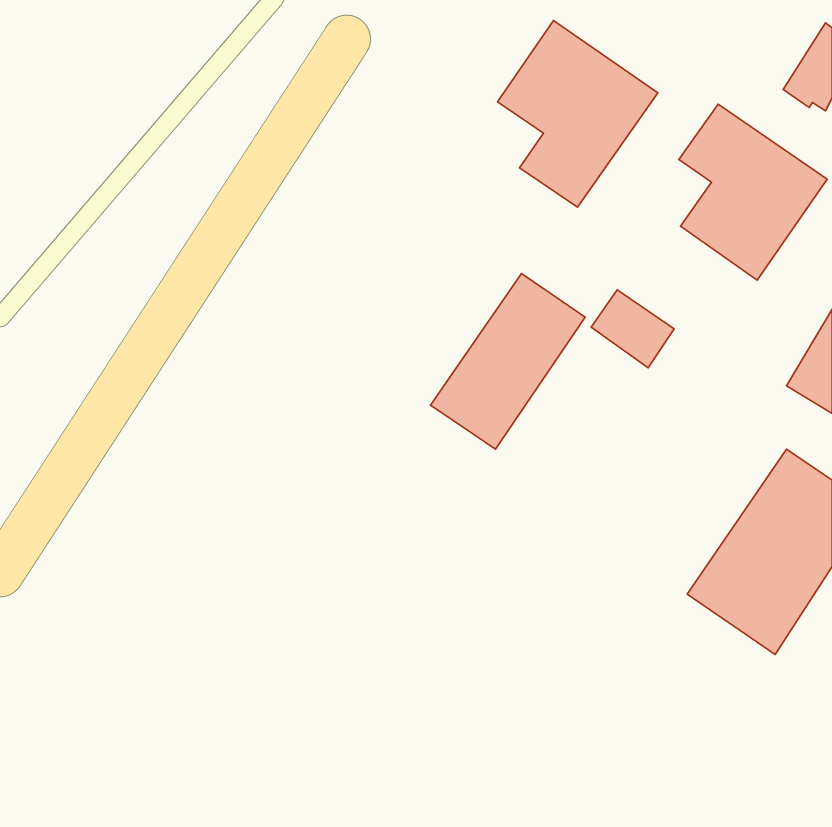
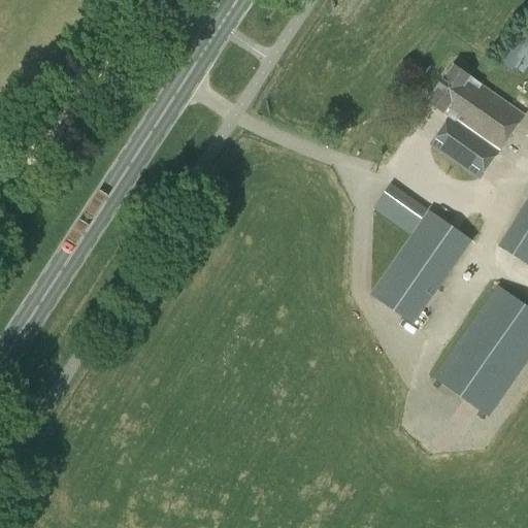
building: [498,20,658,207] -> none
building: [430,273,585,449] -> [372,210,470,322]

